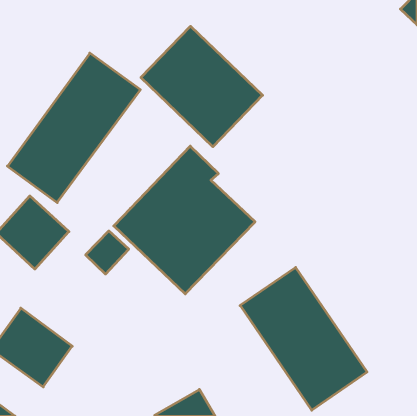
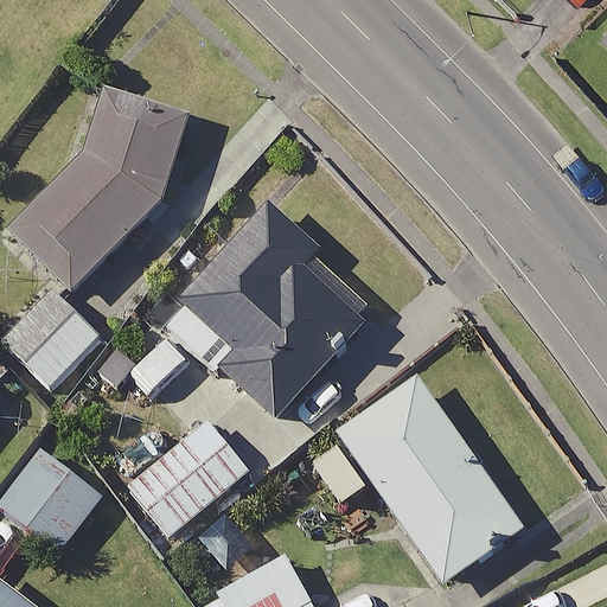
building: [141,26,263,147] -> none
building: none -> [126,418,249,537]

